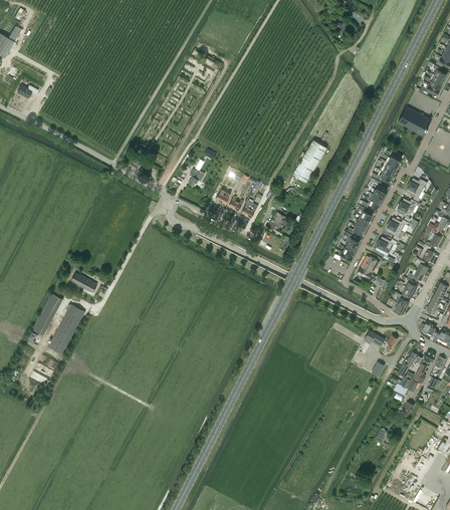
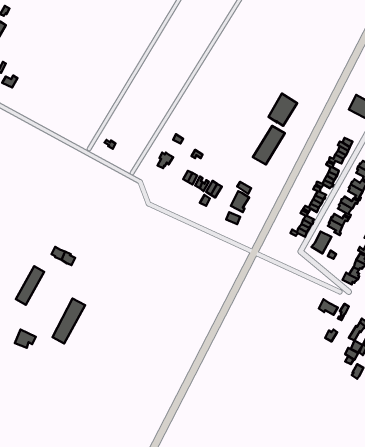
building: none -> [268,93,297,126]
building: [48,305,84,354] -> [52,299,85,344]

